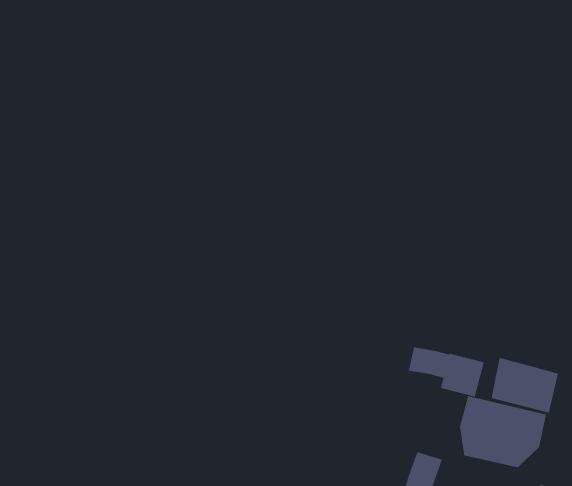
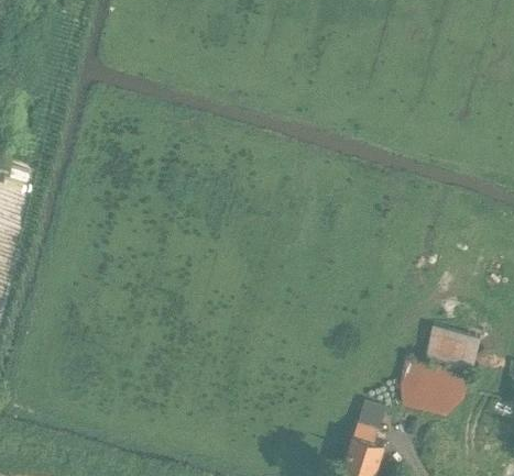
building: [408,347,485,397] -> none

